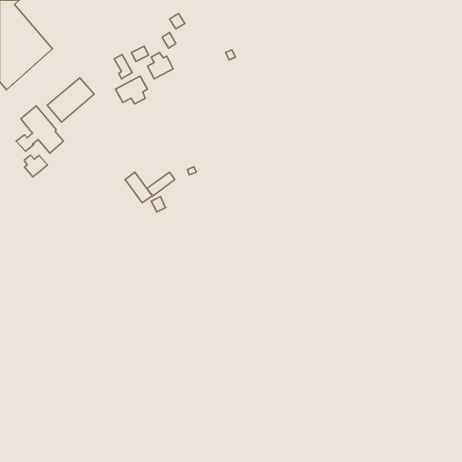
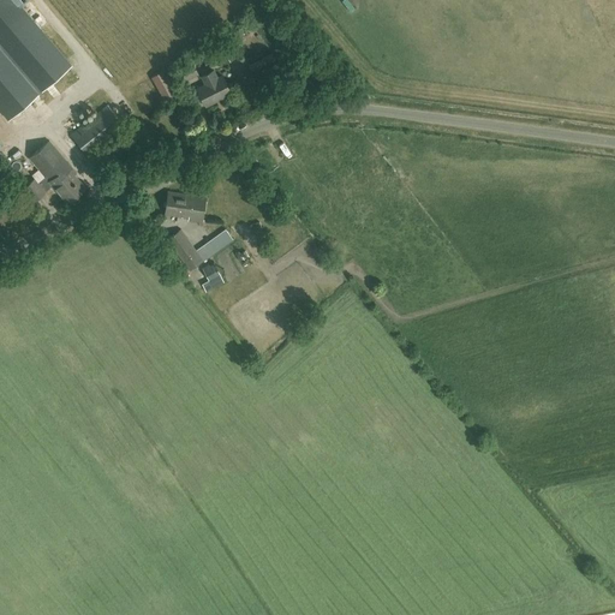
building: [116,76,147,104] -> none
building: none -> [163,192,204,223]
building: [24,155,47,177] -> none

